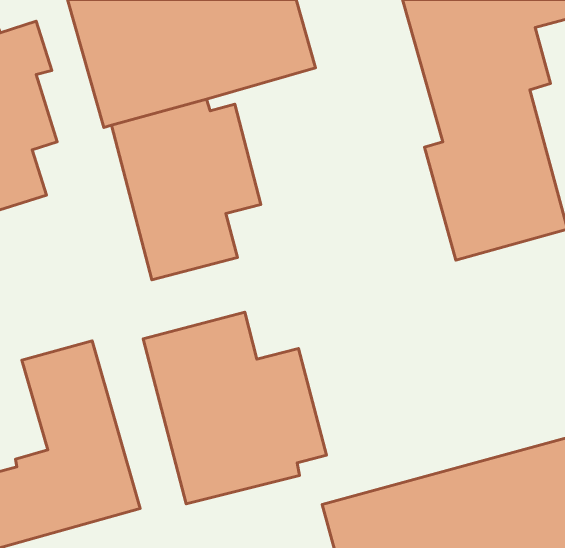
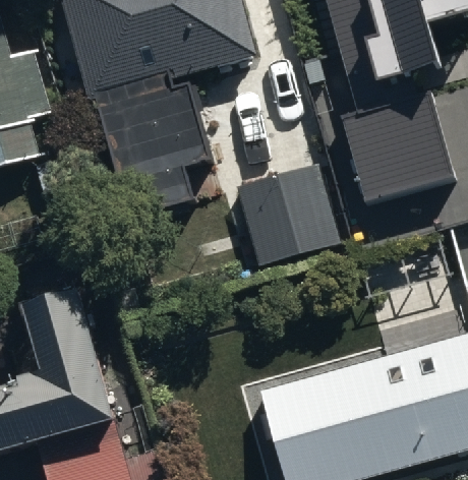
building: none -> [234,156,339,259]
building: [143,312,326,504] -> none

